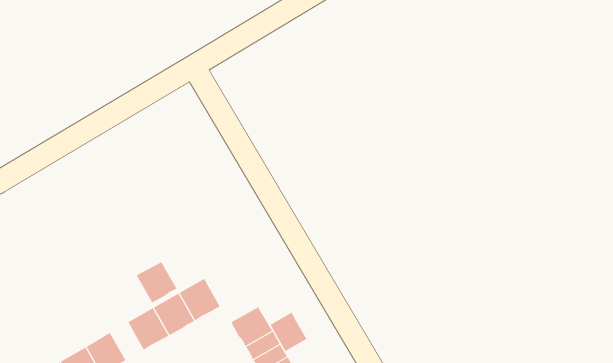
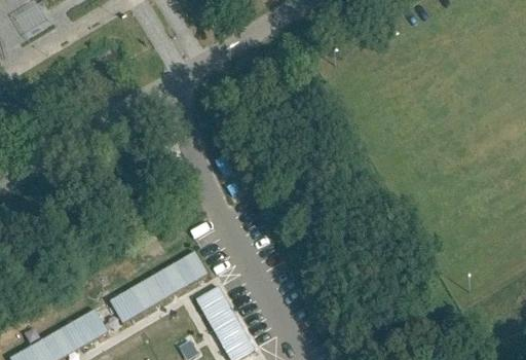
building: [136,262,178,303] -> [174,251,209,286]
building: [270,312,307,352] -> none

